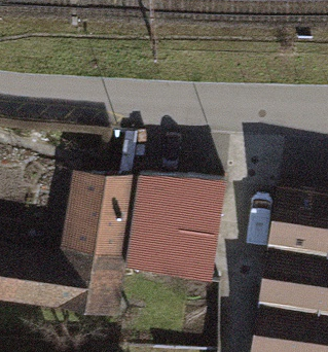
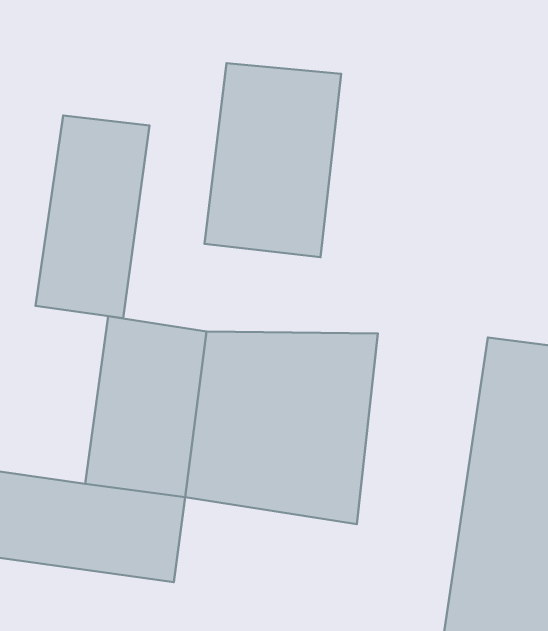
building: none -> [205,63,341,257]
building: none -> [36,116,150,318]

